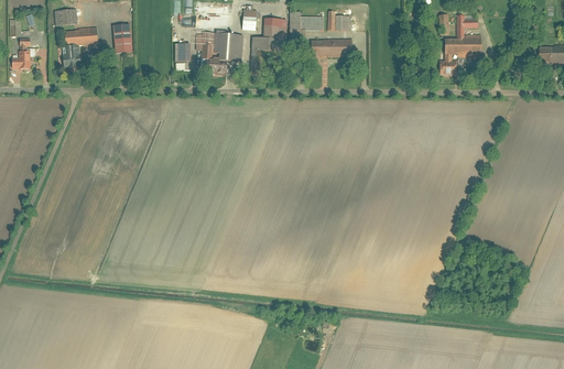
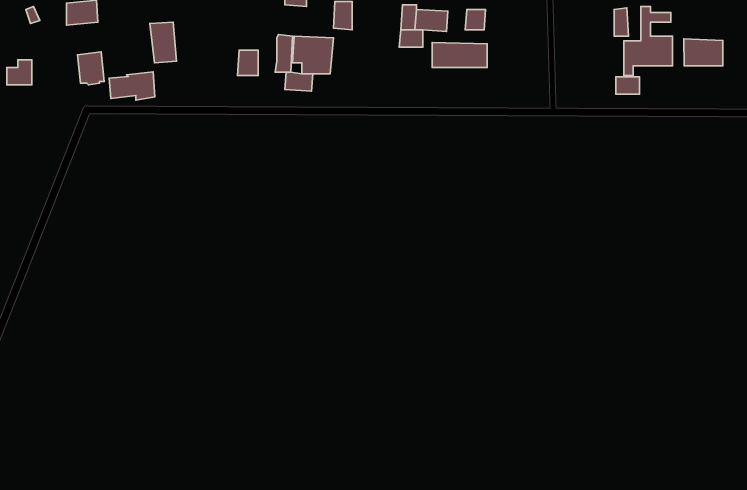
building: [254,19,285,51] -> none
building: [65,28,97,47] -> [109,72,155,100]
building: none -> [684,39,723,66]

